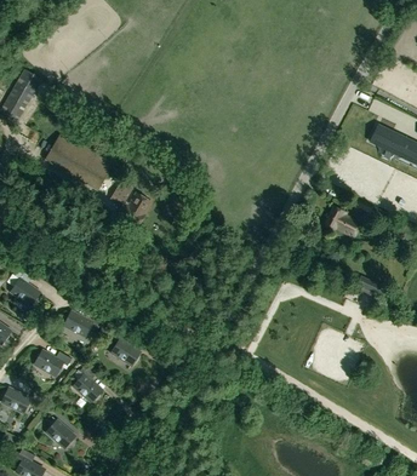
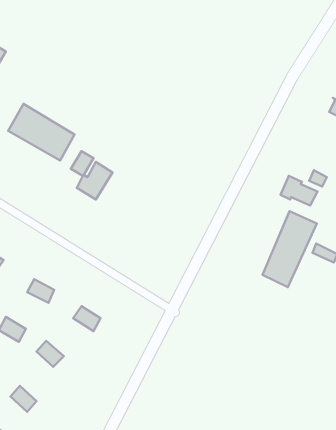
building: none -> [262,211,317,287]

